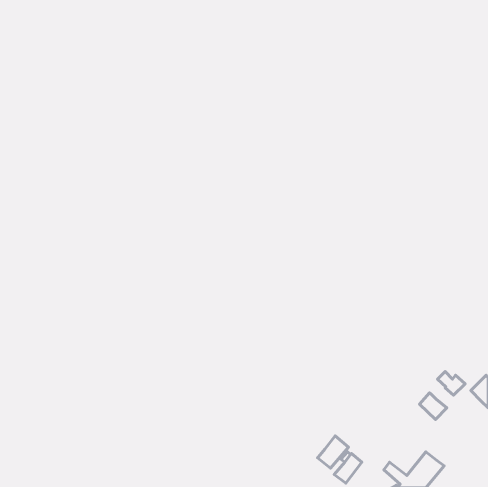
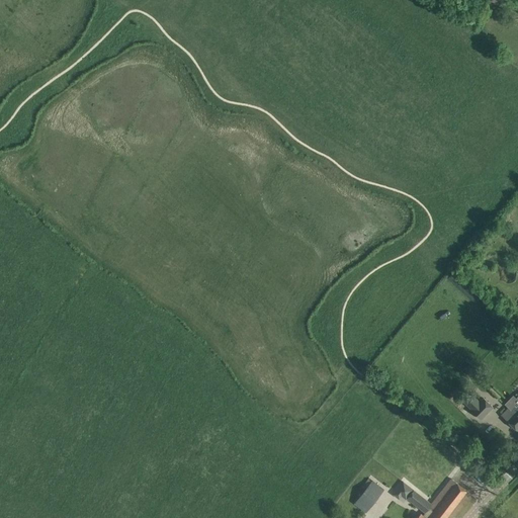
building: [419,393,447,420] -> none
building: [318,436,349,468] -> none

